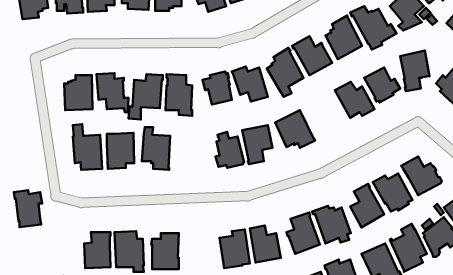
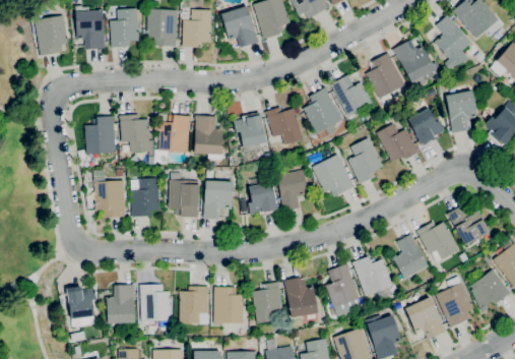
building: none -> [348,137,384,183]
building: none -> [203,180,233,220]
building: [14,190,42,227] -> [66,286,96,325]
building: none -> [213,287,244,323]

